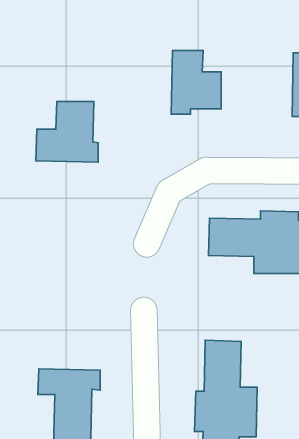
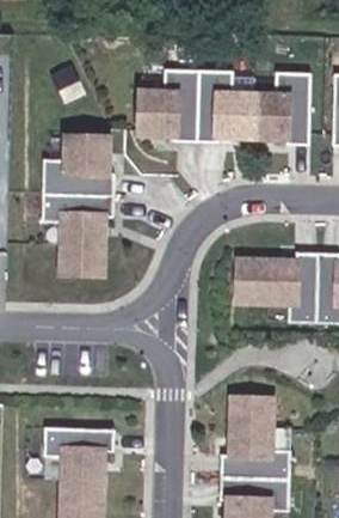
building: none -> [136,69,195,142]
building: none -> [249,72,307,144]
building: none -> [41,195,111,275]

